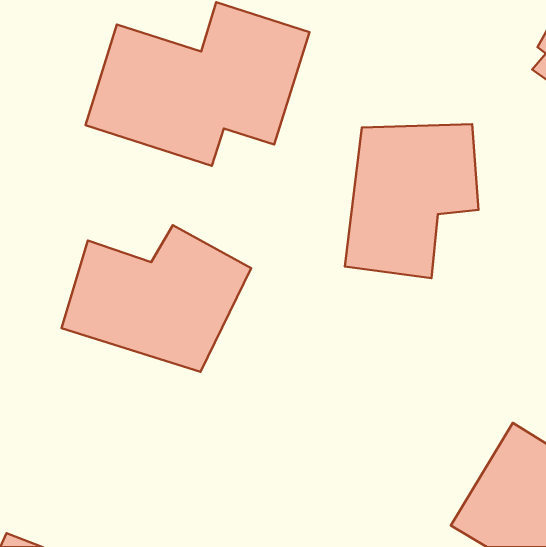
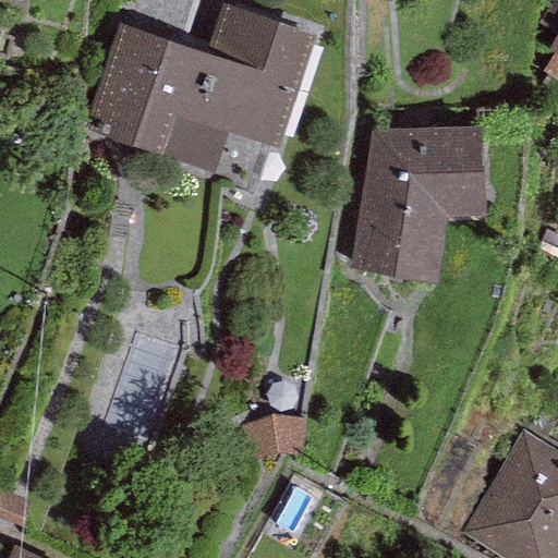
building: [61,225,251,372] -> none

